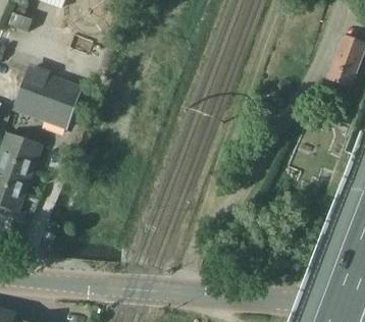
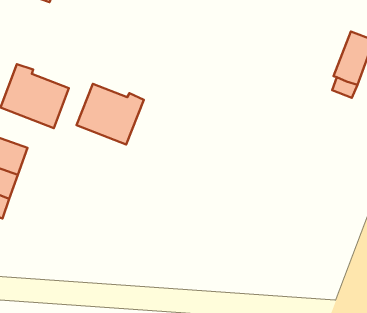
building: none -> [76,84,144,144]

